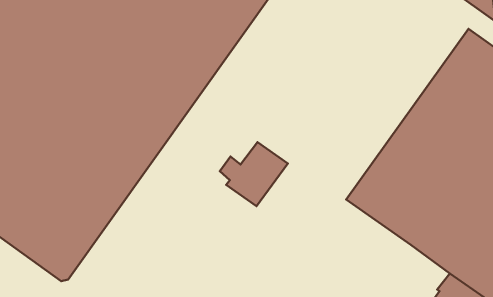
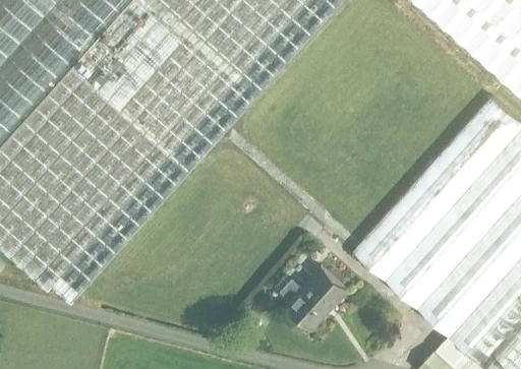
building: [220,142,288,206] -> [280,264,348,327]

